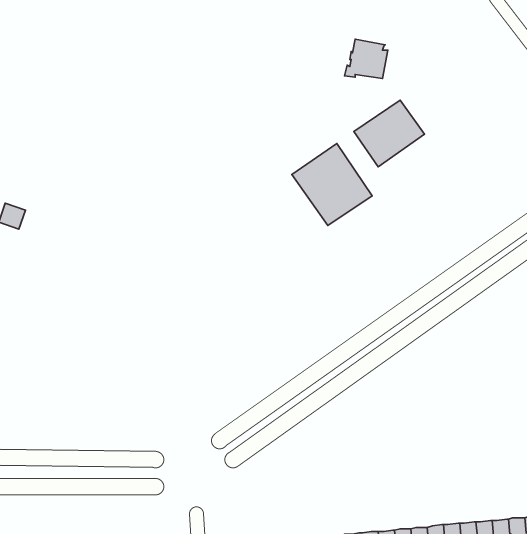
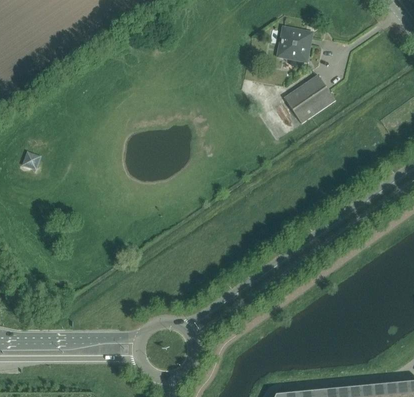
building: [292,143,372,225] -> none

